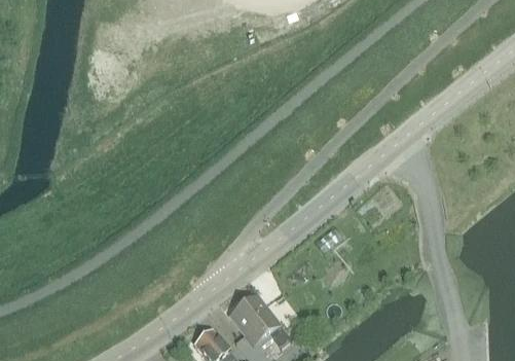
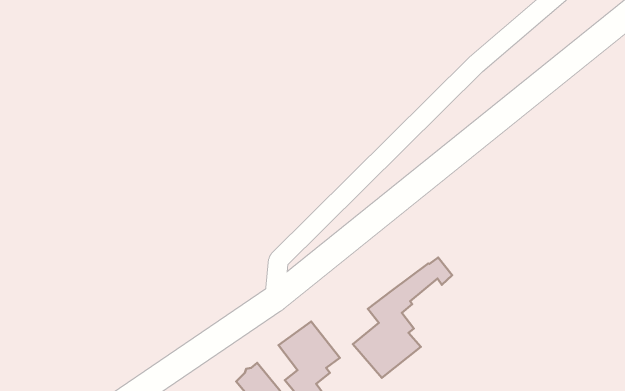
building: none -> [353,258,452,378]

